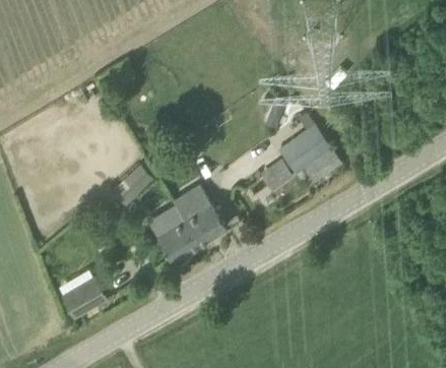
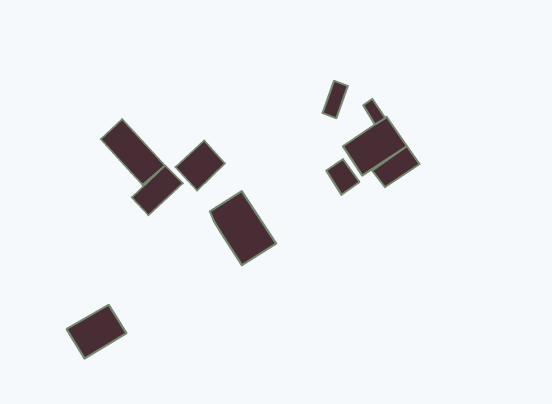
building: none -> [101,119,165,185]
building: none -> [175,140,225,191]
building: [155,219,198,260] -> none

